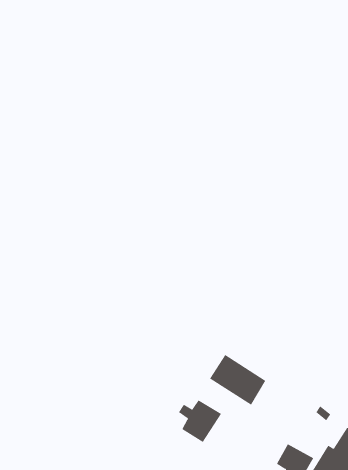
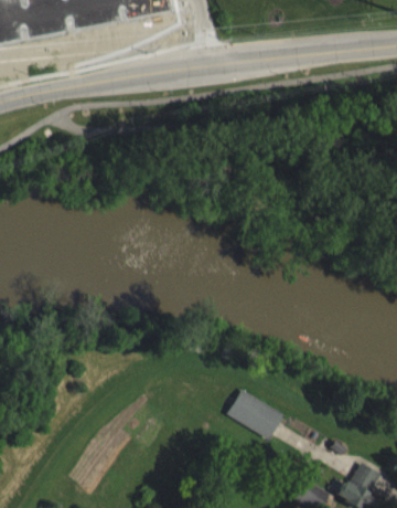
building: [178,399,222,443] -> none

